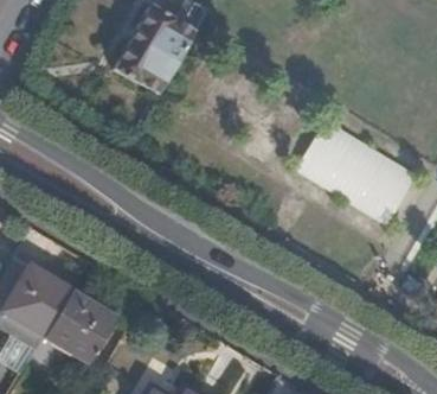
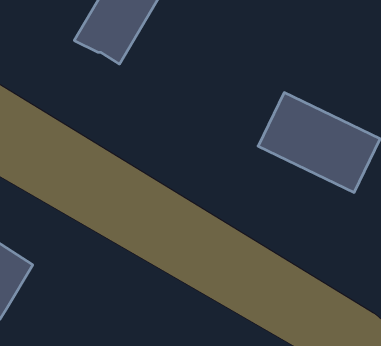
building: [45,292,114,362] -> none

